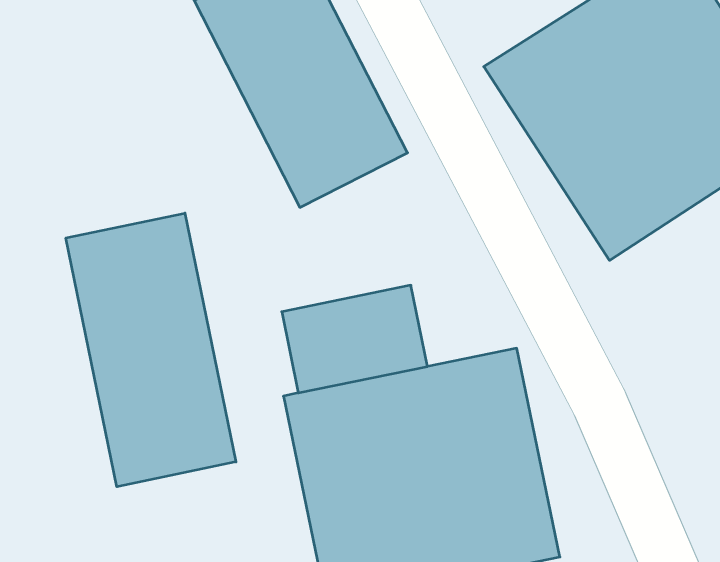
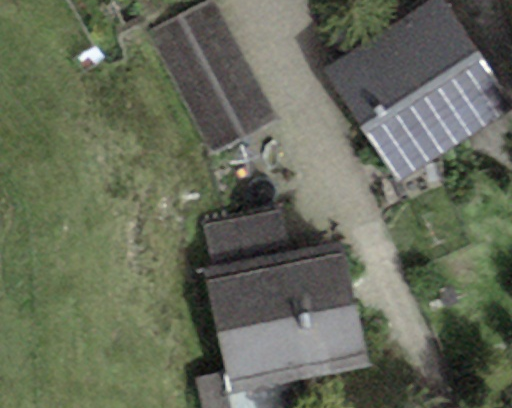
building: [66,213,236,487] -> none

